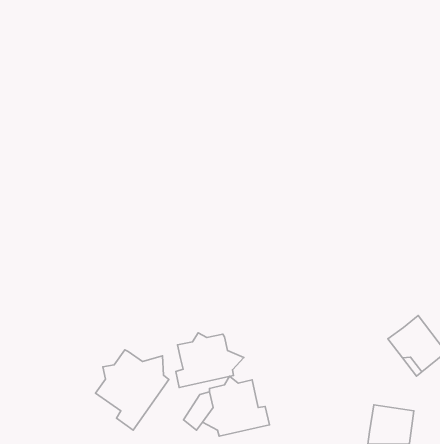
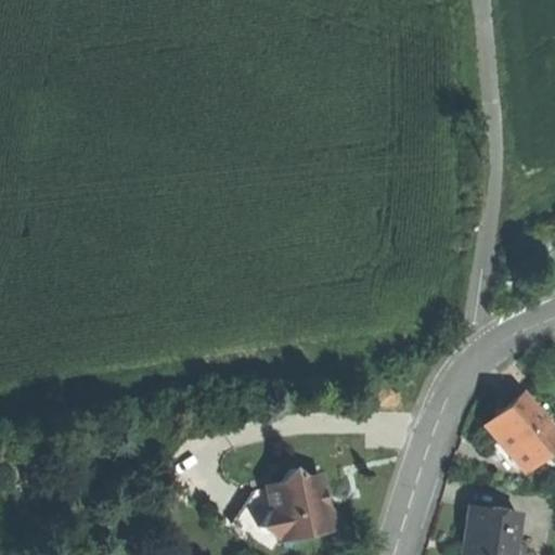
building: [176,333,244,388] -> none
building: [95,350,169,430] -> none

